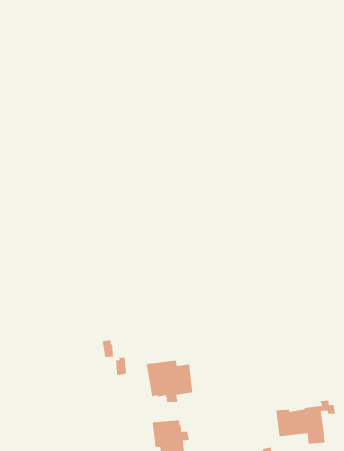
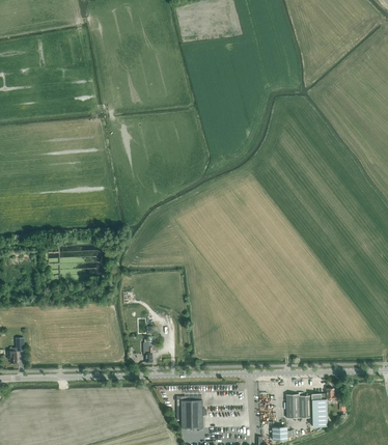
building: [146,360,193,403] -> none

